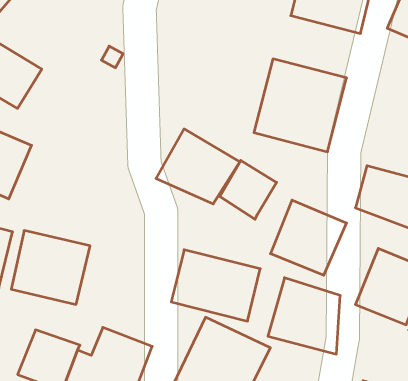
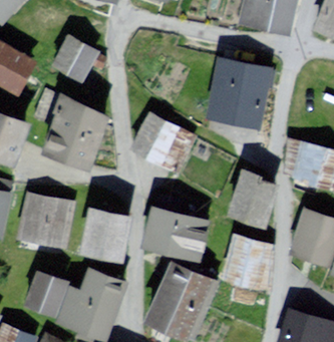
building: none -> [43,29,88,76]
building: none -> [35,97,108,175]
building: [220,160,277,219] -> none
building: none -> [75,207,130,265]

